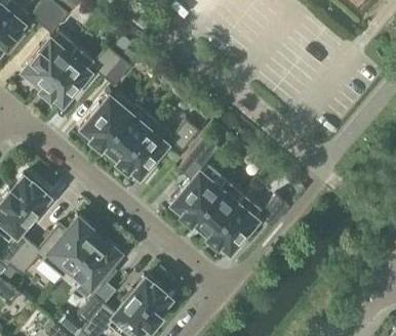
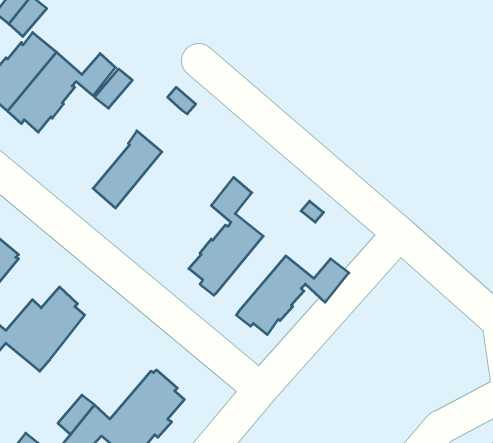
building: [83,96,129,148] -> none
building: [118,119,200,176] -> none
building: [194,180,244,235] -> none
building: [72,238,120,293] -> none

